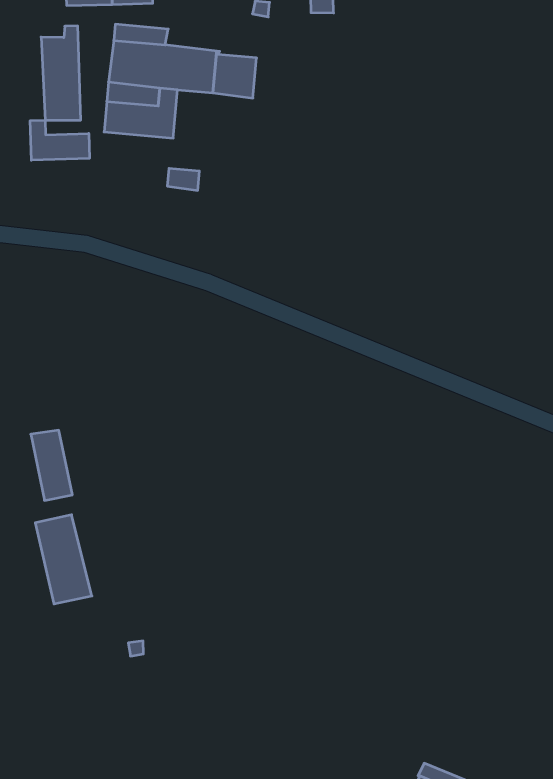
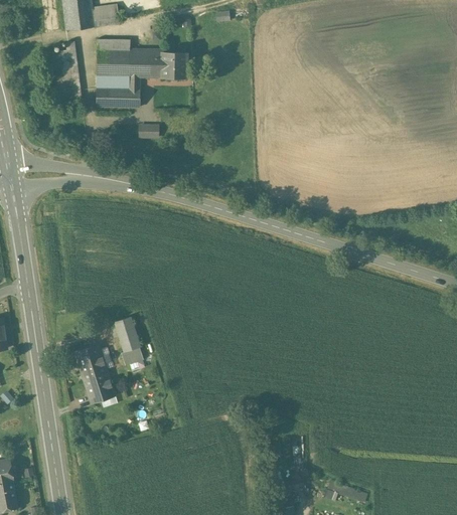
building: [30,120,89,160] -> none
building: [31,430,72,500] -> [118,323,147,367]

